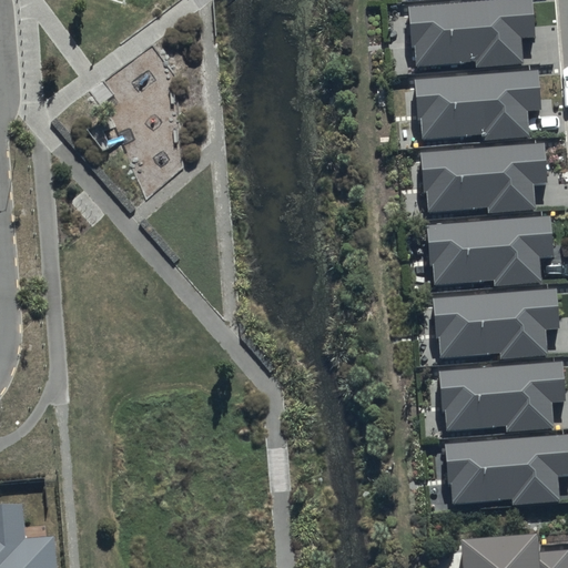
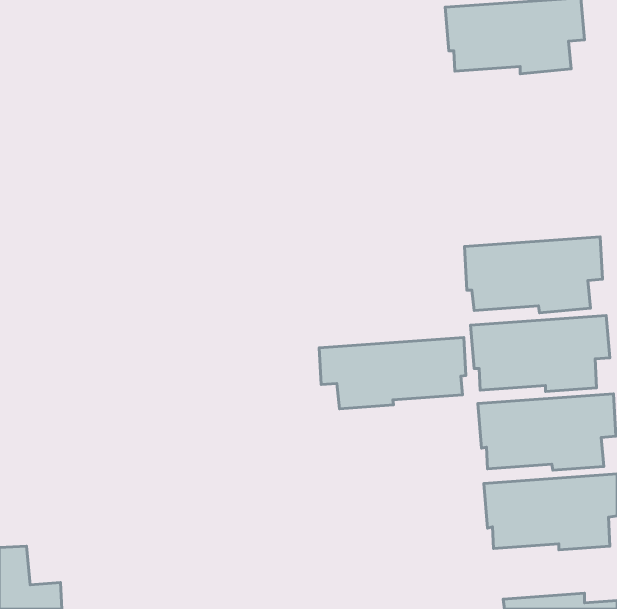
building: [414,70,540,140] -> none
building: [419,143,546,213] -> none
building: none -> [319,337,466,409]

